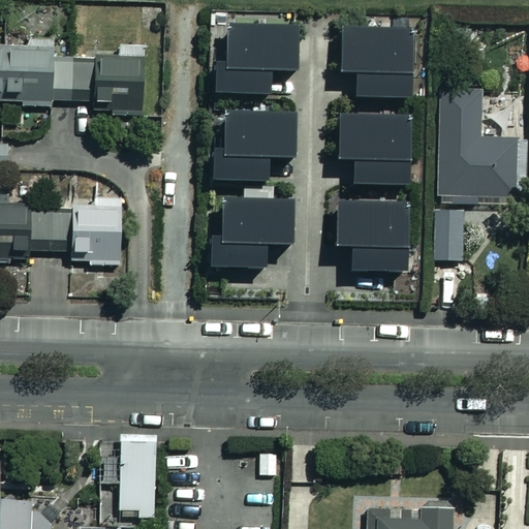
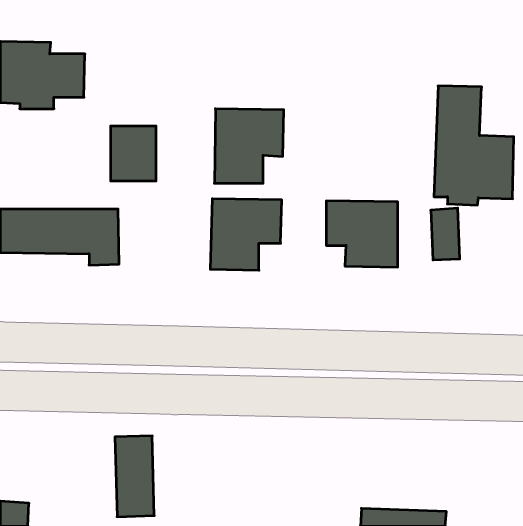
building: [222,25,292,93] -> none
building: [337,29,408,97] -> none
building: [107,61,153,116] -> [111,126,156,181]
building: [335,112,403,185] -> none

